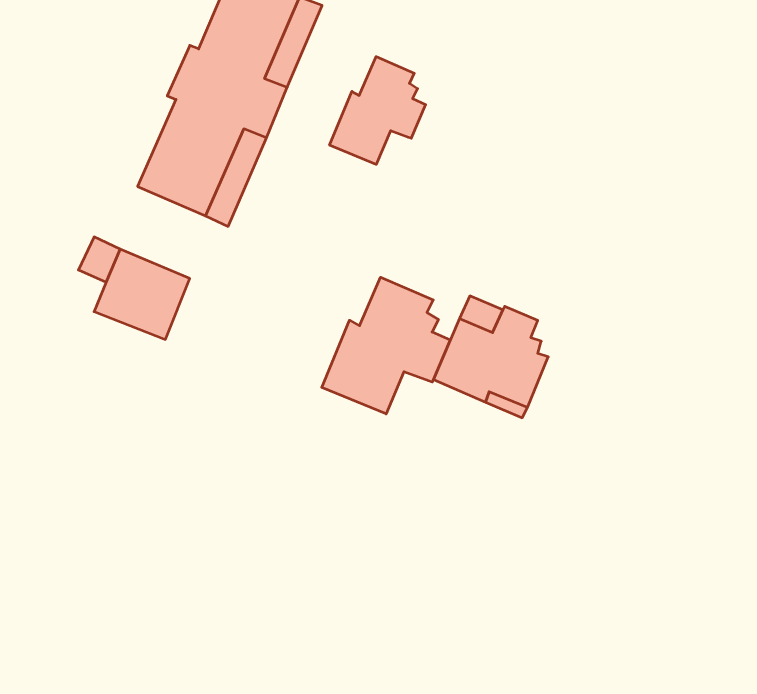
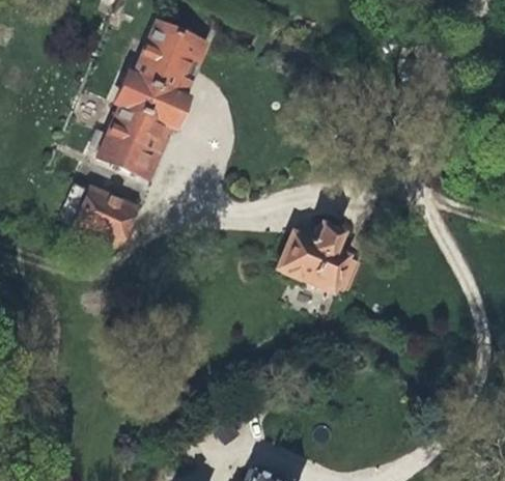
building: [330,57,426,164] -> none
building: [322,277,450,414] -> none

